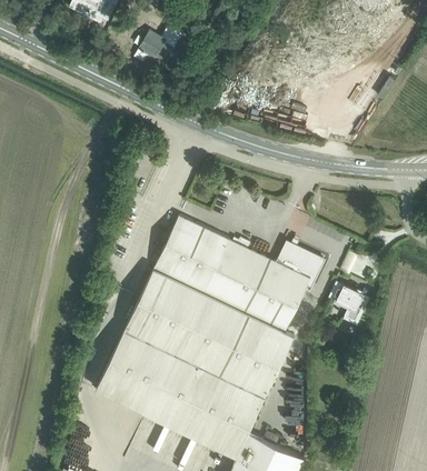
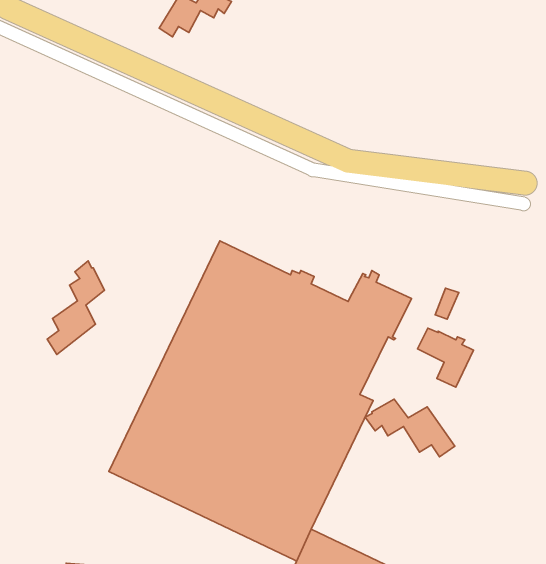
building: none -> [47,261,104,355]
building: none -> [365,399,455,457]

